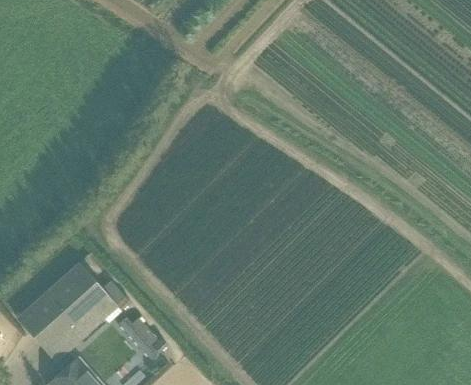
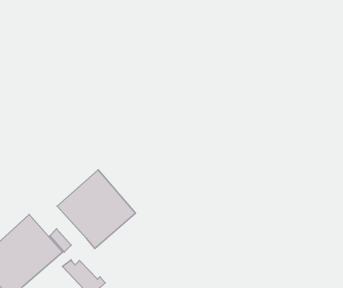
building: none -> [57,170,136,249]

